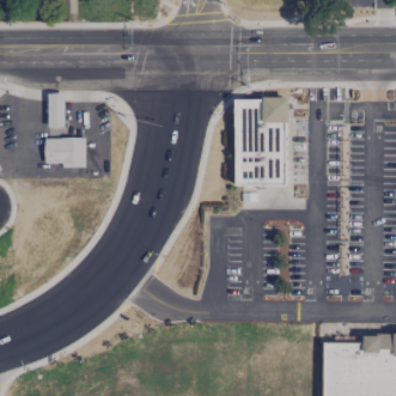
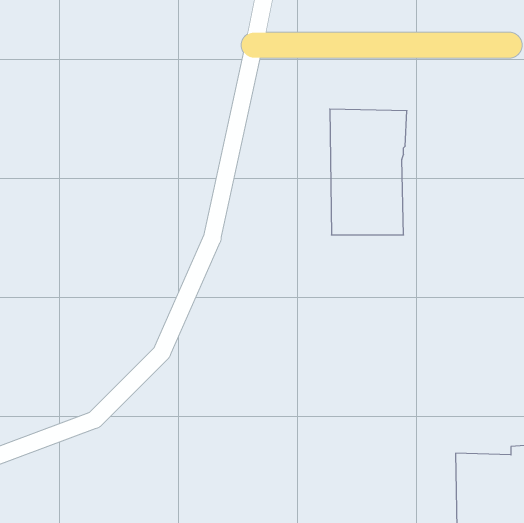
building: [44,138,85,167] -> none

